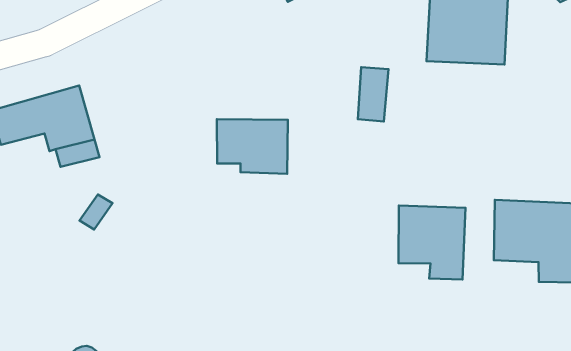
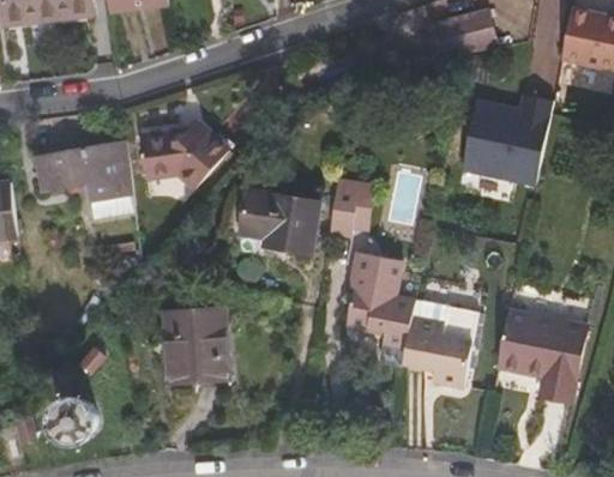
building: none -> [134,121,221,186]
building: none -> [330,177,377,236]
building: none -> [348,256,415,369]
building: none -> [180,314,236,384]

